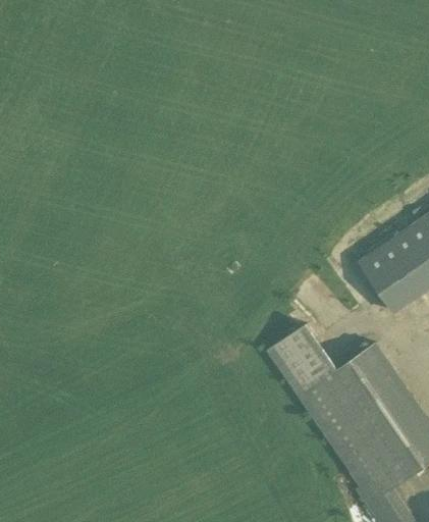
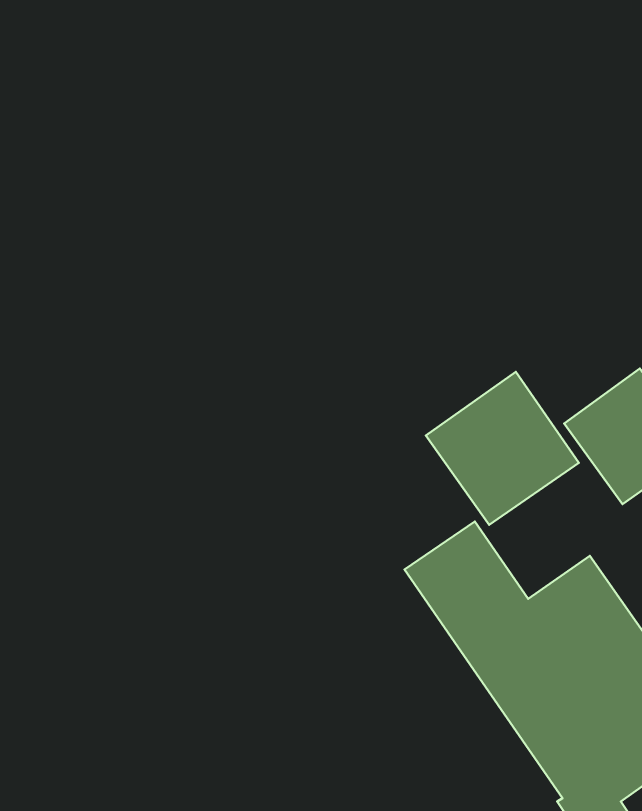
building: none -> [426,372,579,525]

